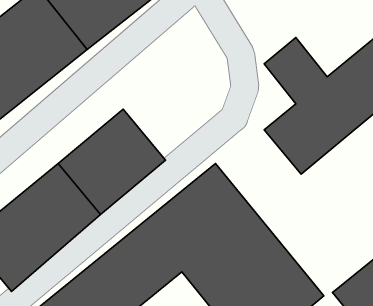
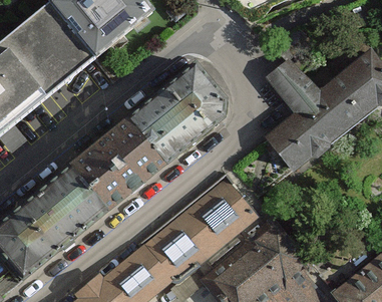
building: none -> [131,63,229,165]

